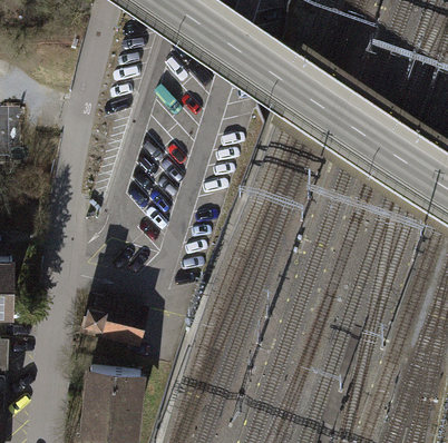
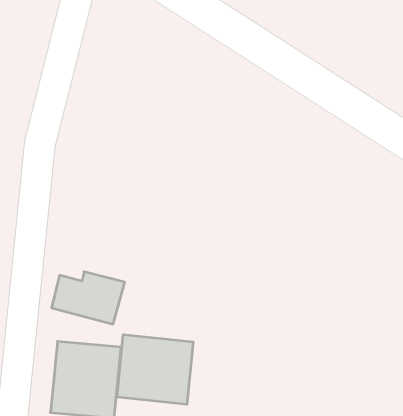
building: none -> [117,335,193,404]

